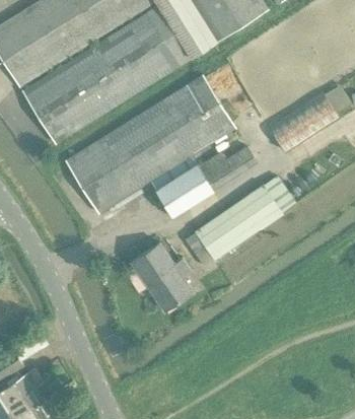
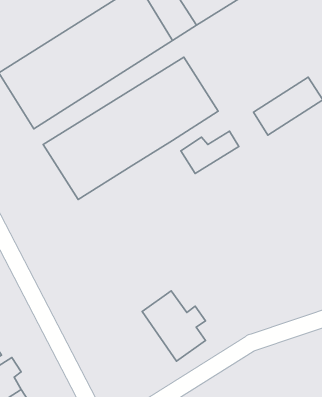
building: [151,155,214,215] -> none
building: [186,176,296,266] -> none
building: [131,241,193,310] -> [142,291,205,361]

